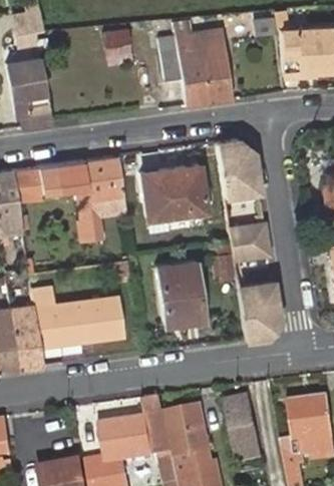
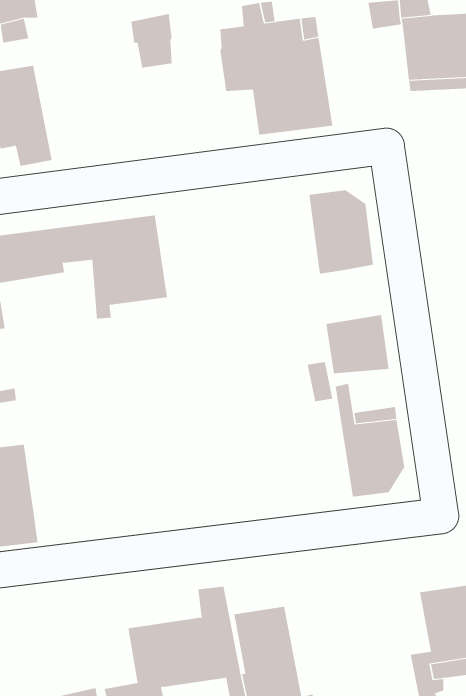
building: [140,168,205,219] -> none
building: [154,263,201,326] -> none
building: [30,283,123,348] -> none
building: [227,397,263,461] -> none

